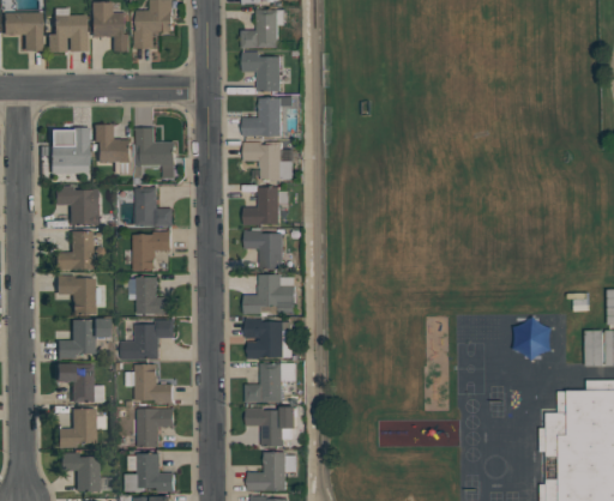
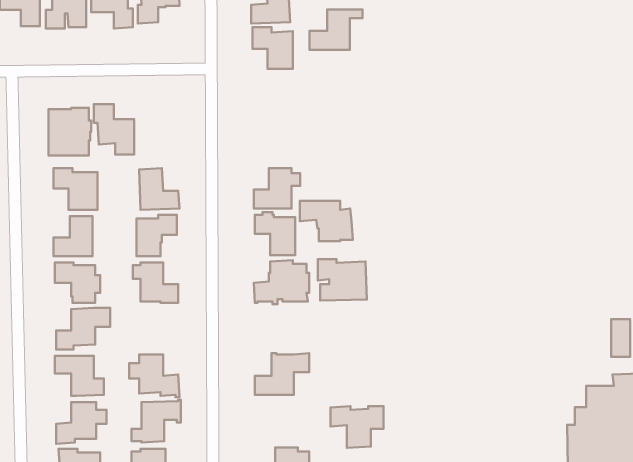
building: [243,97,294,135] -> [310,9,363,50]
building: [136,127,176,177] -> none
building: [245,141,295,180] -> [300,201,353,241]
building: [247,318,294,357] -> [318,259,367,301]
building: [121,319,175,360] -> none
building: [247,406,297,446] -> [330,406,383,448]

